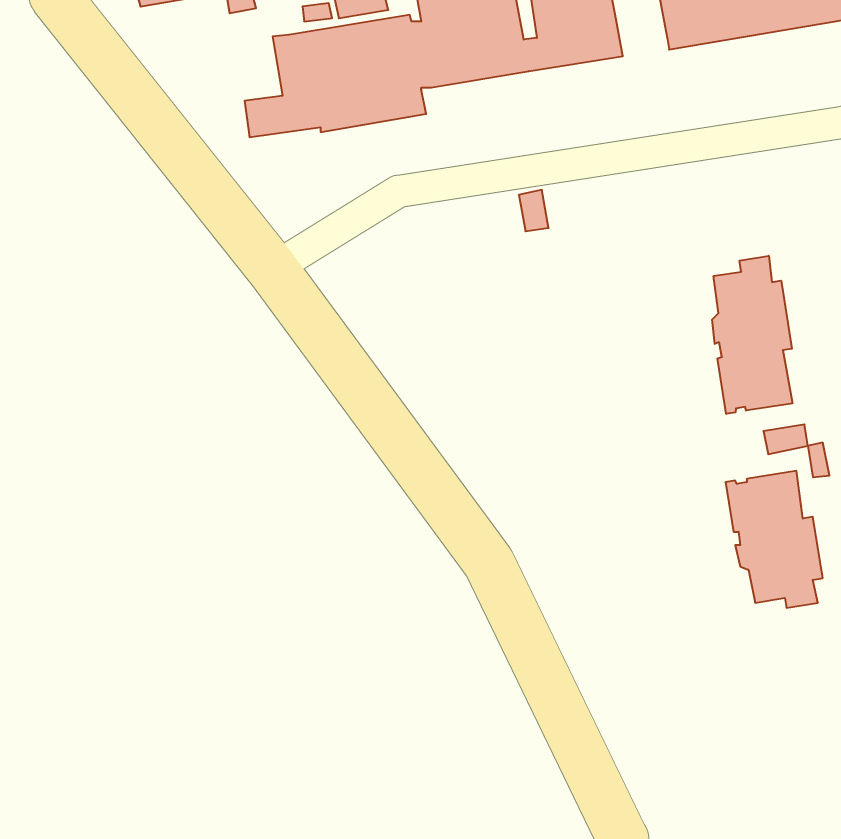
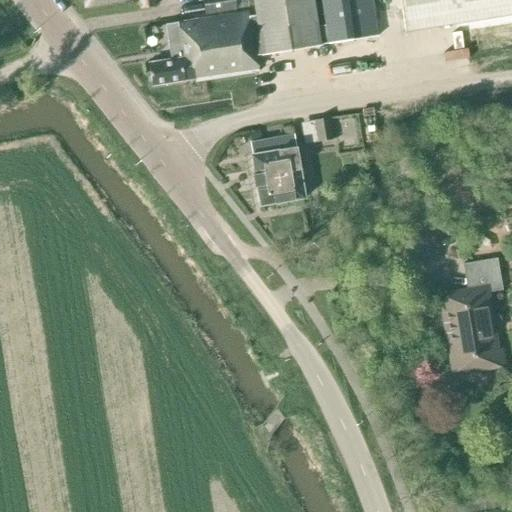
building: none -> [250,133,306,204]
building: [712,256,792,414] -> none

